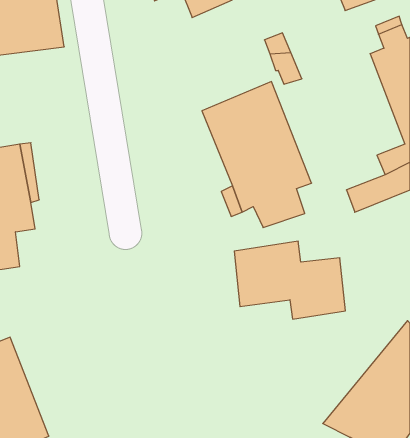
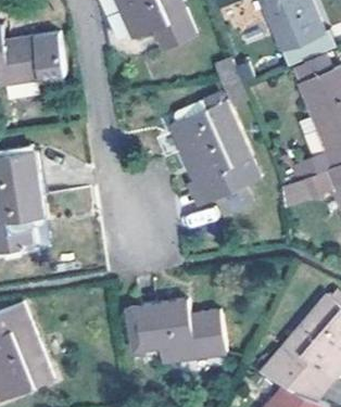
building: [234,241,345,319] -> [140,301,227,361]

